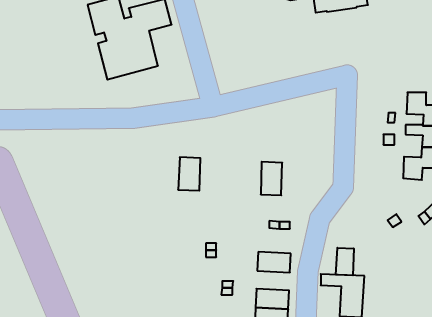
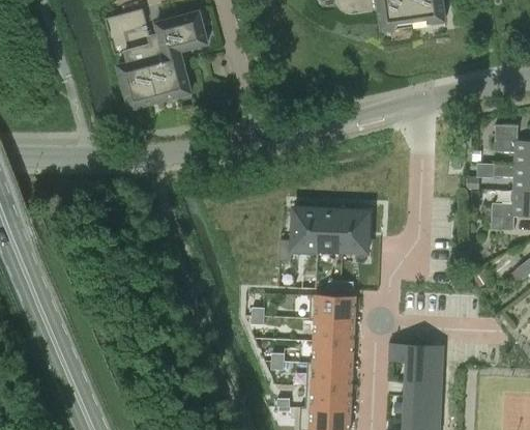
building: [178,157,200,191] -> [292,208,319,249]
building: none -> [343,210,369,252]
building: none -> [315,296,355,320]
building: [336,248,354,275] -> none
building: none -> [313,341,353,365]

